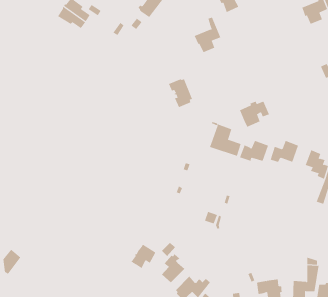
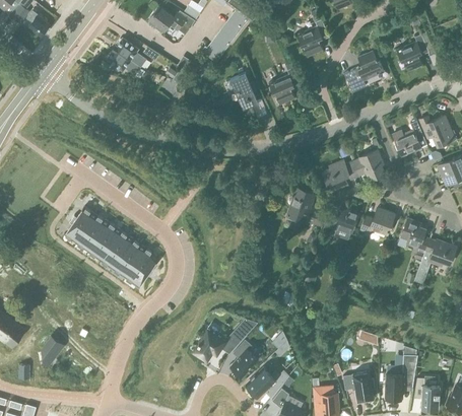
building: none -> [343,51,383,91]
building: none -> [392,121,423,155]
building: [168,79,193,108] -> [229,73,259,108]
building: none -> [351,149,384,180]
building: none -> [63,206,157,287]

